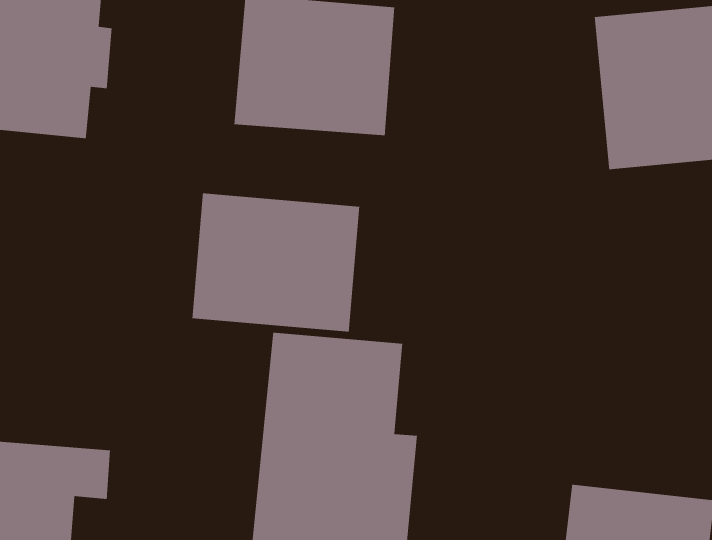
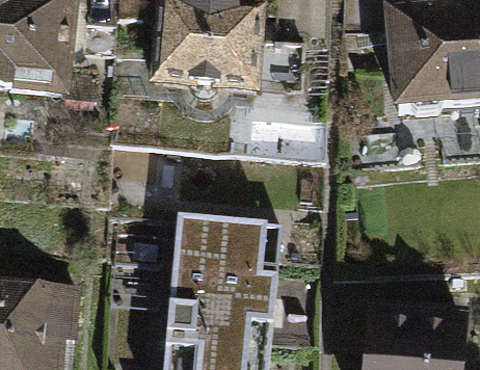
building: [192,193,360,333] -> none

